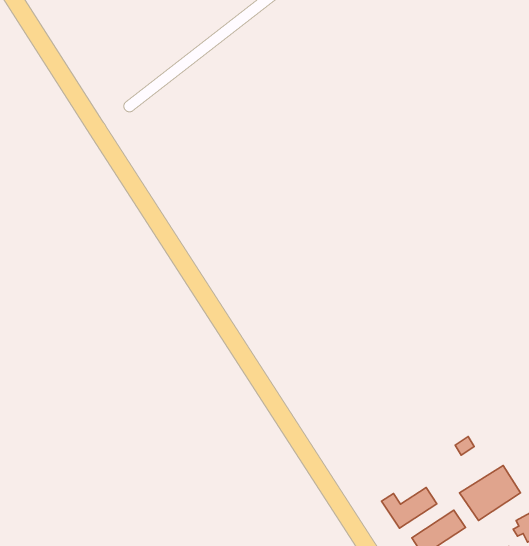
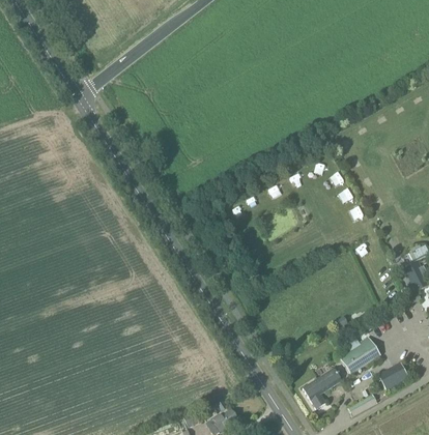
building: [382,487,437,528] -> none

